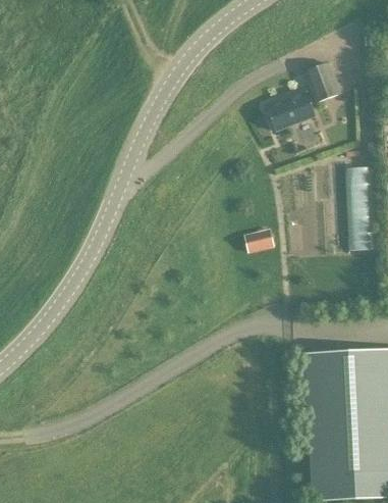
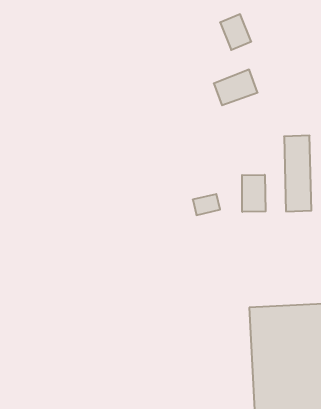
building: [304,62,339,102] -> [220,14,251,50]
building: none -> [242,175,266,212]

